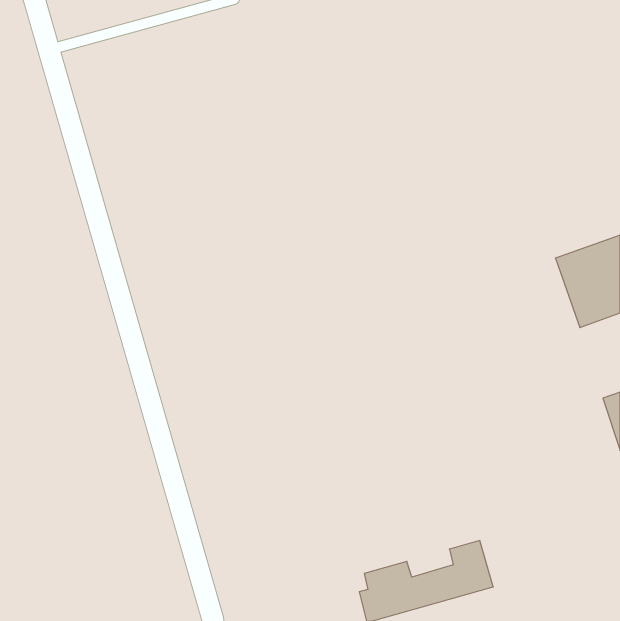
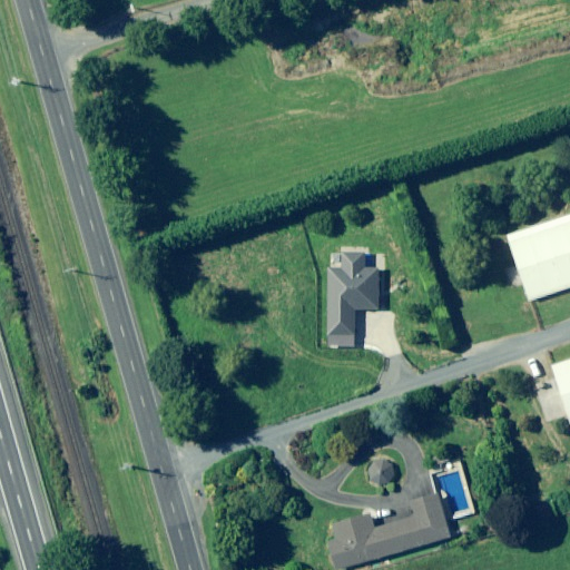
building: none -> [328,253,381,344]
building: none -> [367,459,395,485]

